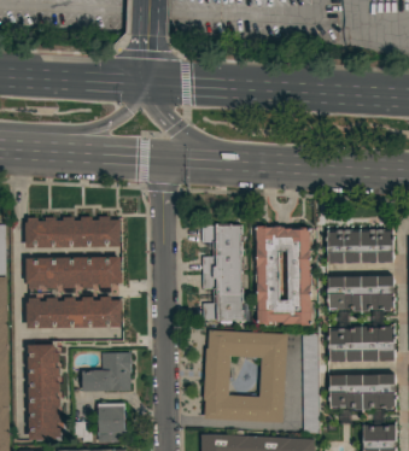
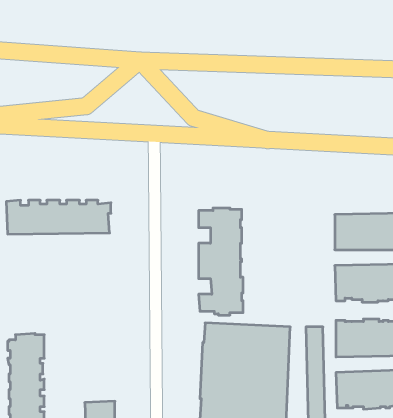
building: [255,227,311,324] -> none
building: [27,257,122,289] -> none
building: [27,297,123,329] -> none
building: [82,353,132,392] -> none

